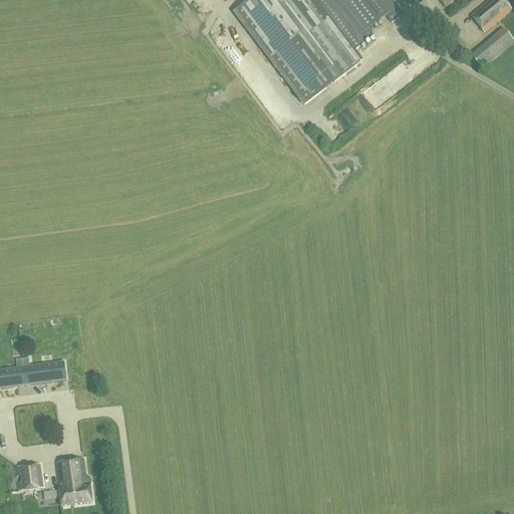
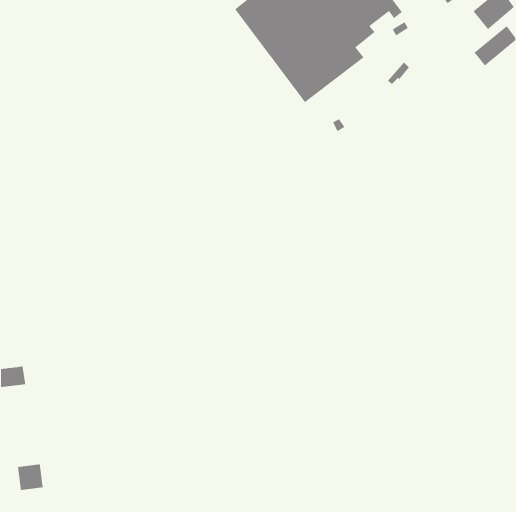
building: [23,359,62,382] -> none
building: [57,456,92,503] -> none

